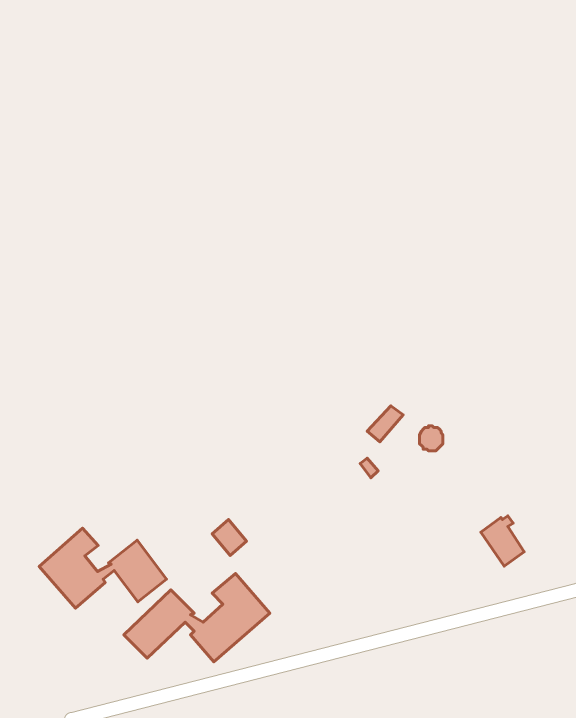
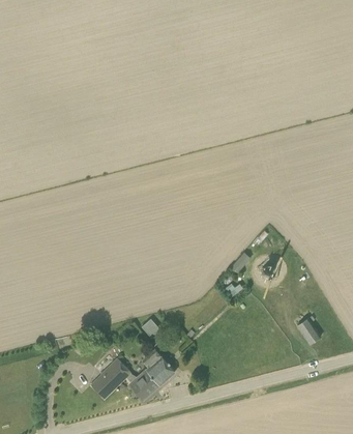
building: [39,528,167,608] -> none

